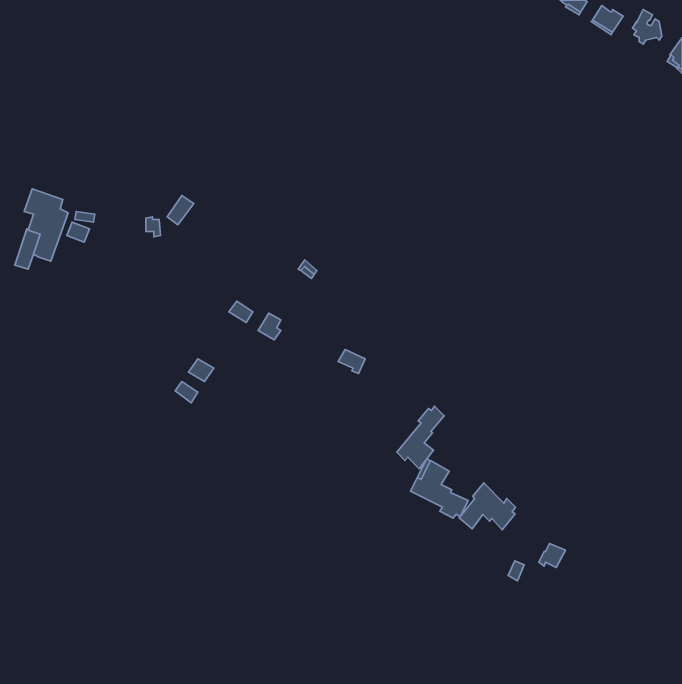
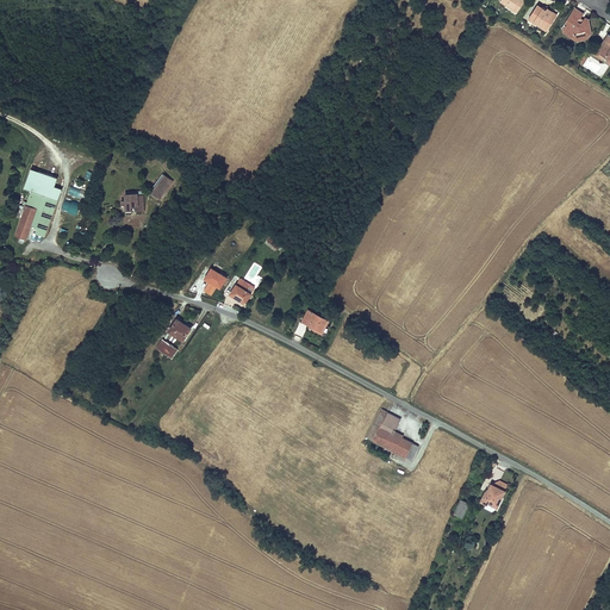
building: [397,406,444,469] -> none
building: [459,483,515,530] -> none

